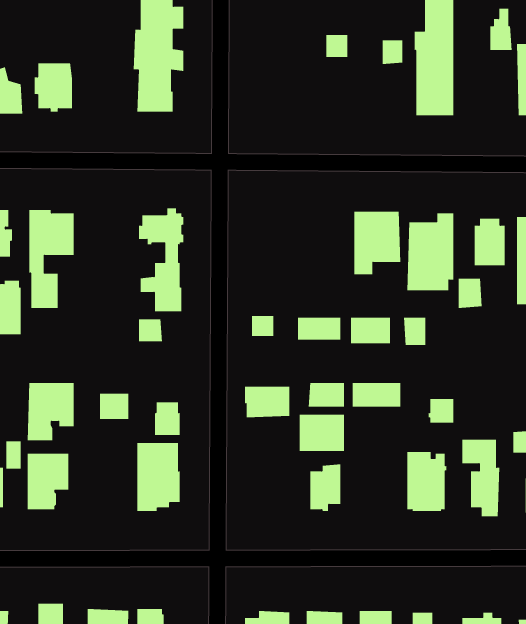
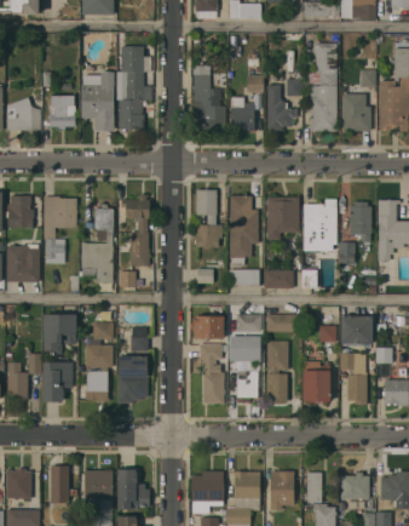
building: none -> [192,65,225,132]
building: none -> [81,72,114,131]
building: none -> [266,85,295,131]
building: none -> [340,93,370,131]
building: none -> [230,97,254,131]
building: none -> [194,189,221,246]
building: none -> [229,195,258,265]
building: none -> [79,204,113,282]
building: none -> [340,315,371,345]
building: none -> [265,341,287,402]
building: none -> [197,343,224,404]
building: none -> [83,344,113,401]

